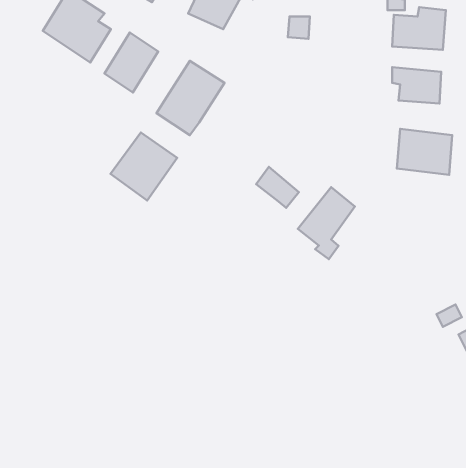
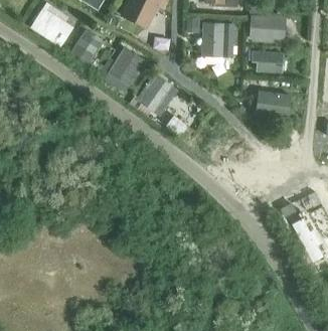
building: none -> [202,22,234,56]
building: [111,133,177,201] -> [136,72,178,116]
building: [298,187,355,259] -> none

